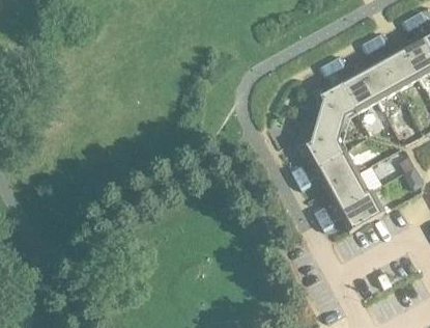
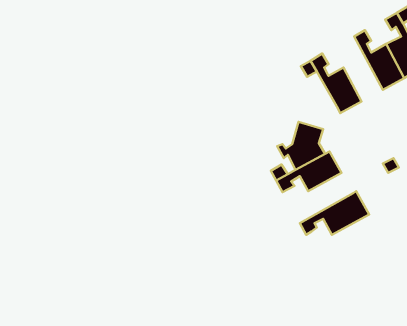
building: [361,40,399,104] -> none
building: [313,82,355,131] -> none
building: [313,173,370,222] -> none

